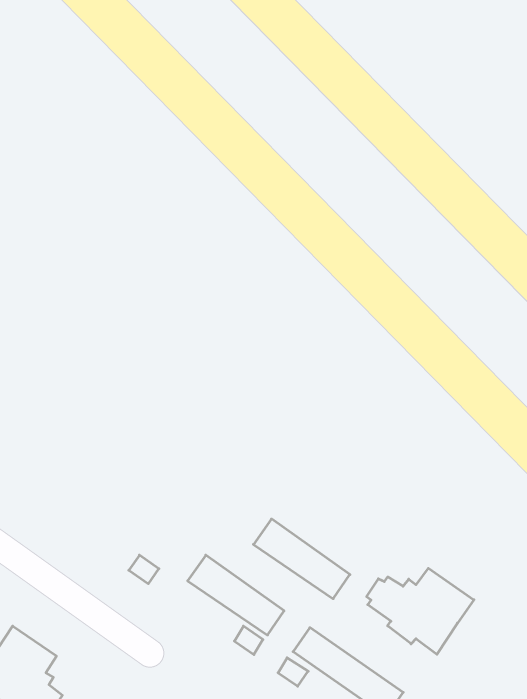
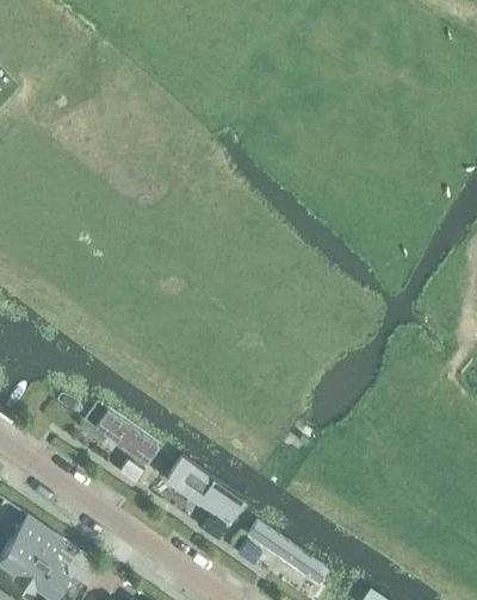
building: [253,519,350,599] -> [82,402,159,465]
building: [367,568,474,654] -> none

